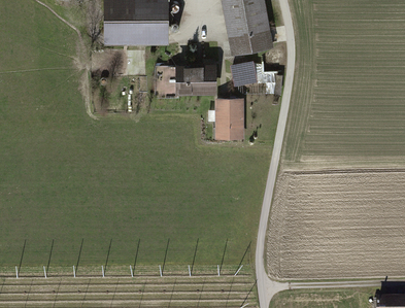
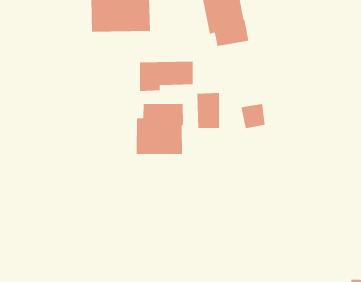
building: [230,59,257,85] -> [240,103,266,129]
building: none -> [136,103,183,155]

